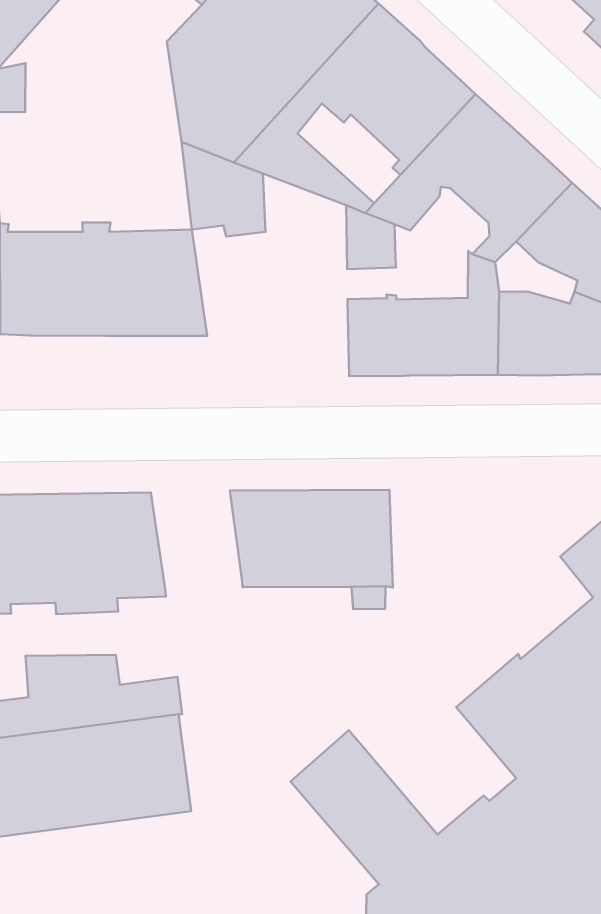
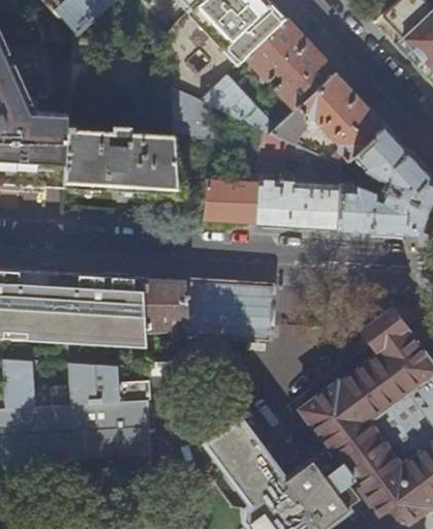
building: none -> [205,174,258,222]
building: none -> [143,278,189,333]

